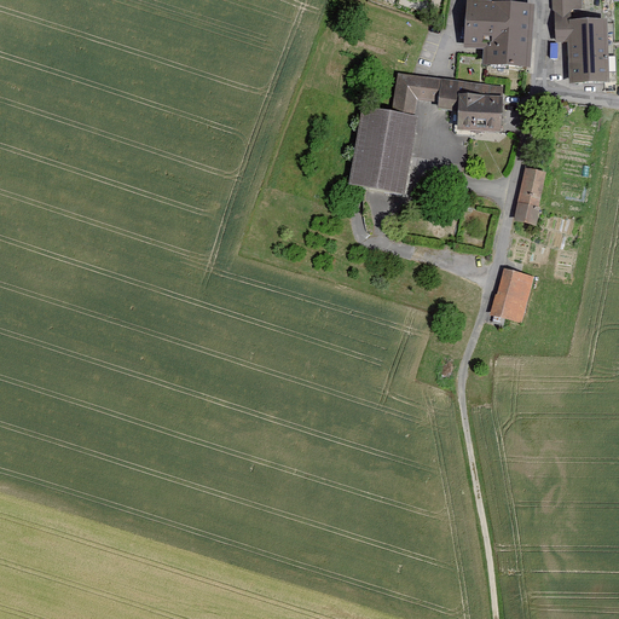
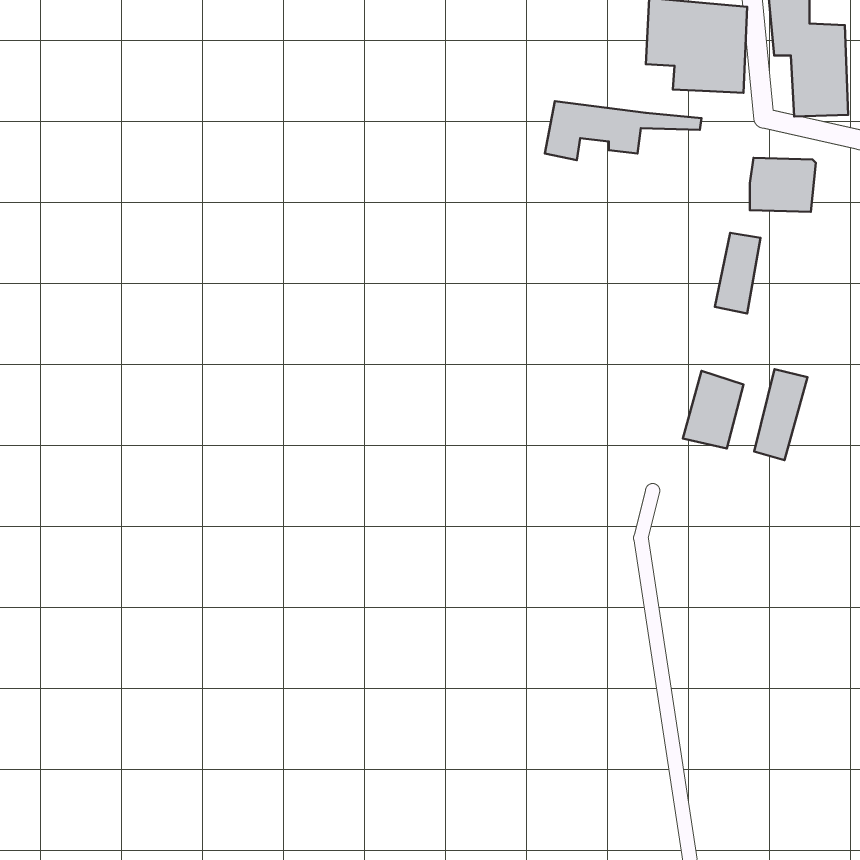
building: [457,92,504,131] -> [750,158,816,212]
building: [347,105,417,195] -> none
building: none -> [754,369,807,460]

